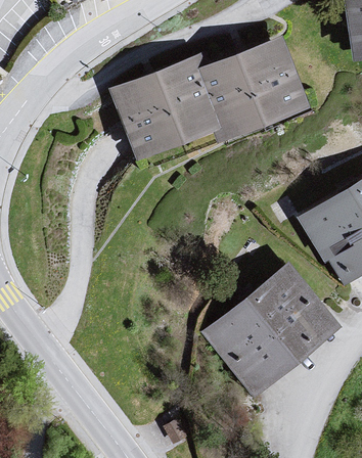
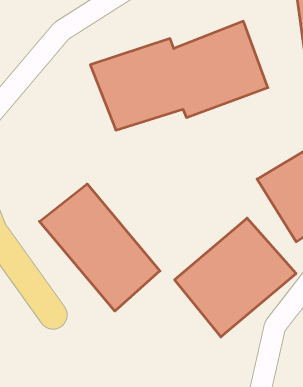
building: none -> [39,184,160,311]

